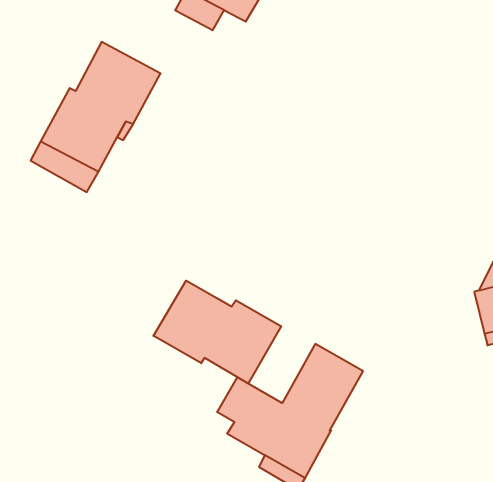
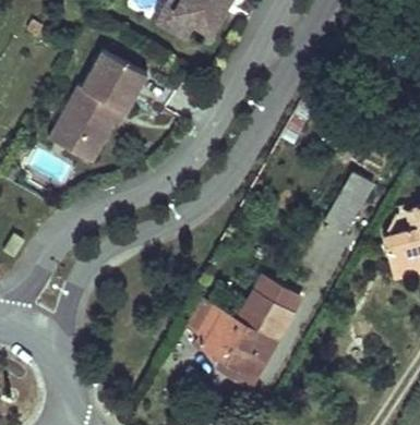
building: none -> [325,173,373,234]
building: [153,281,281,383] -> none

